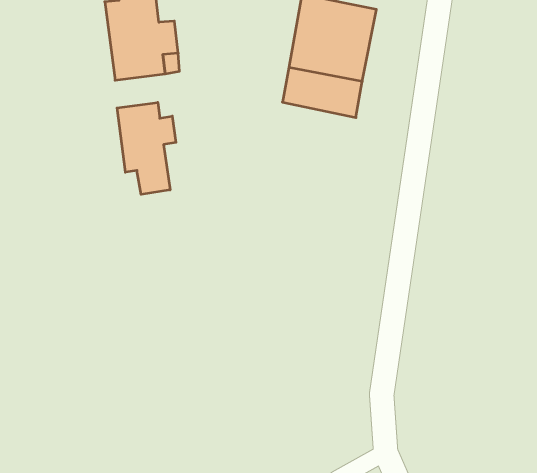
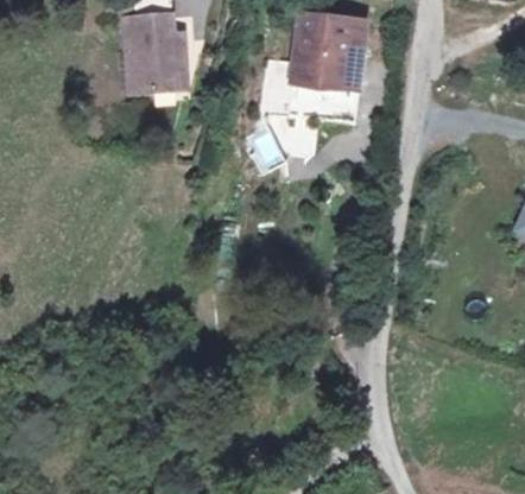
building: [117,102,176,194] -> none

